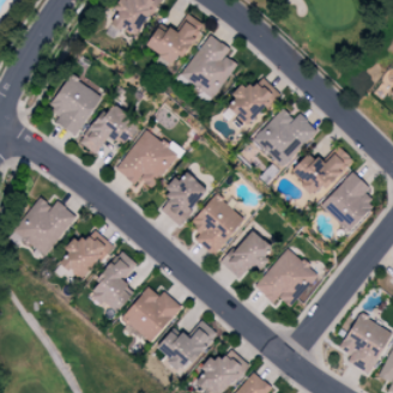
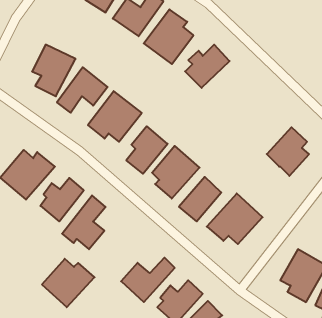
building: [253,108,318,167] -> none
building: [290,147,352,198] -> none
building: [122,286,183,343] -> [42,259,95,307]

